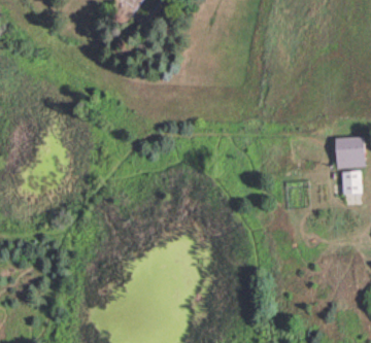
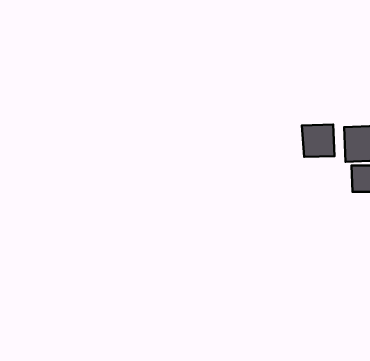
building: none -> [302,124,334,157]

